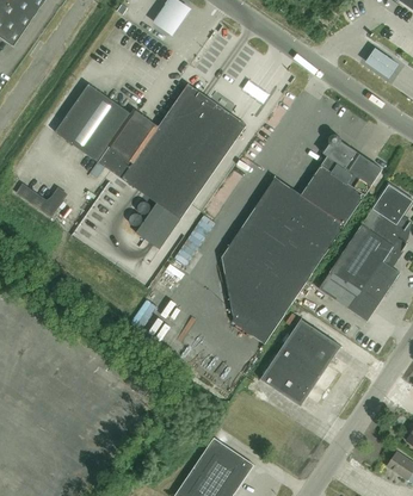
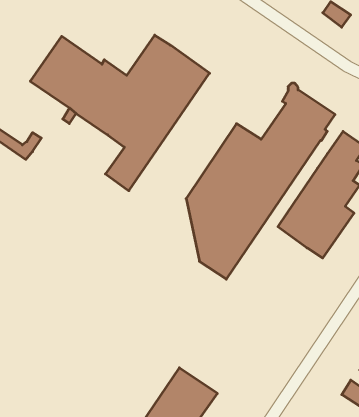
building: [260,318,340,405] -> none

